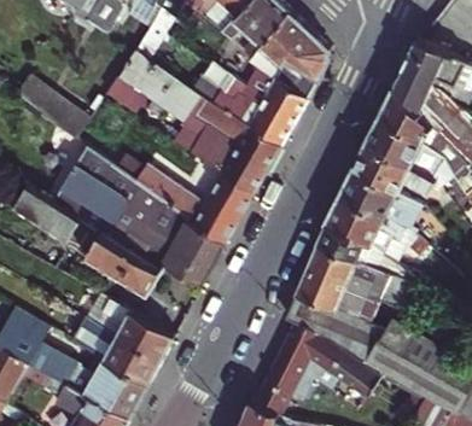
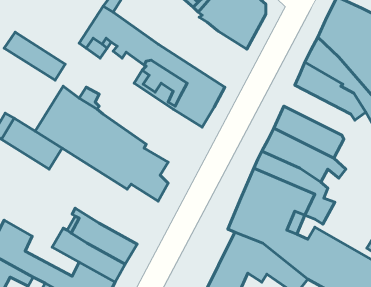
building: [192,60,308,146] -> none
building: [352,144,433,192] -> none
building: [134,163,254,245] -> none
building: [69,220,163,294] -> none

